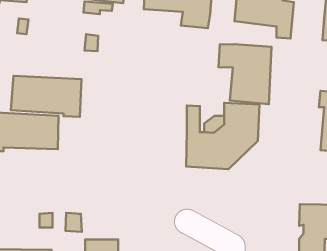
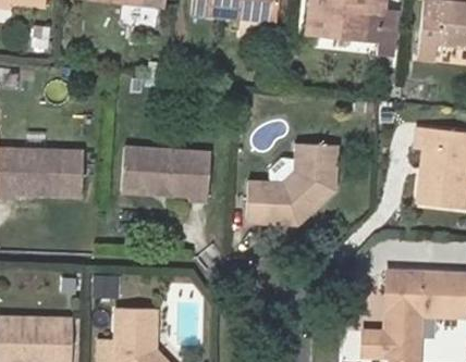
building: [219,44,272,104] -> none
building: [11,76,82,117] -> [121,149,210,201]

